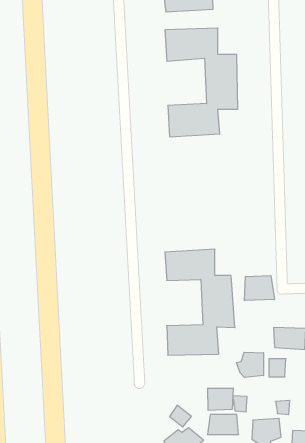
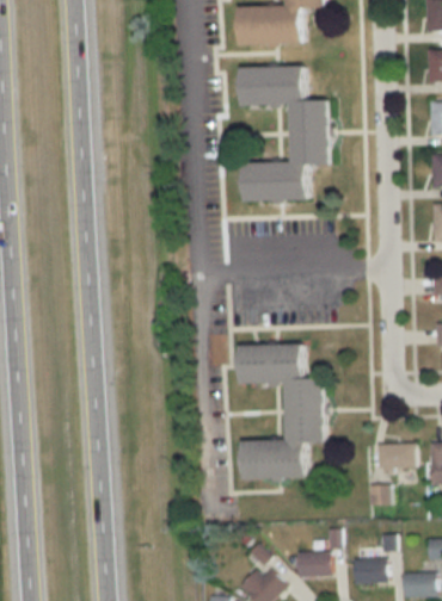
building: [245,276,274,301] -> none
building: [236,352,263,378] -> none
building: [208,388,233,410] -> none

